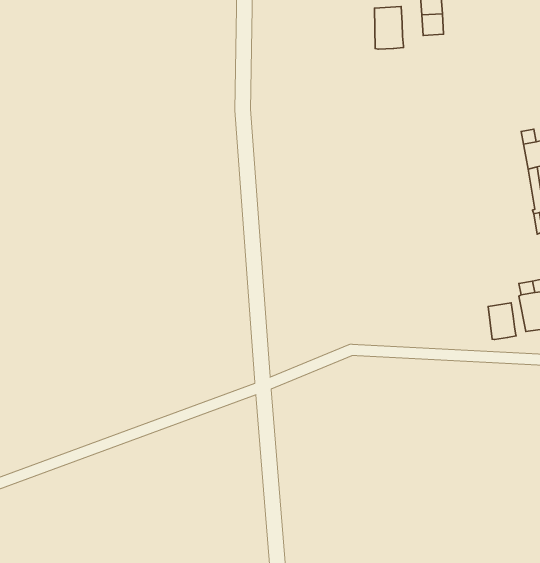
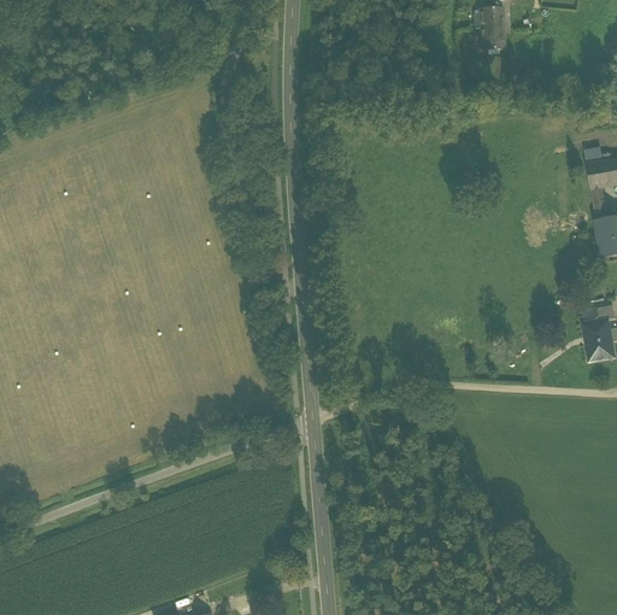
building: [374,6,404,49] -> none
building: [488,303,516,340] -> none

